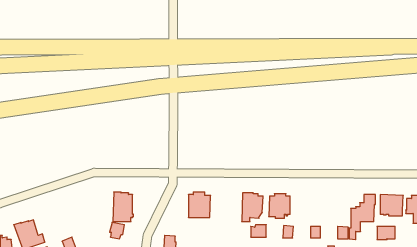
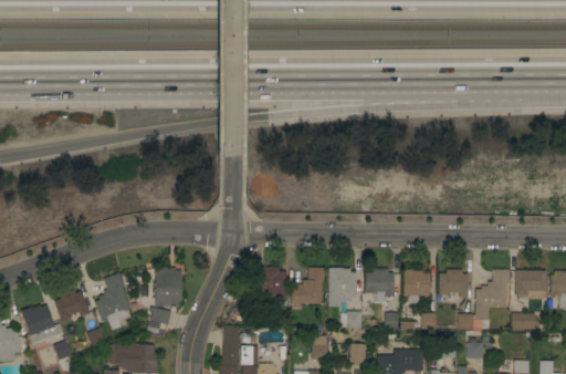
building: none -> [292,268,324,304]
building: none -> [439,269,468,298]
building: none -> [403,270,429,303]
building: none -> [94,272,130,330]
building: none -> [54,289,90,321]

